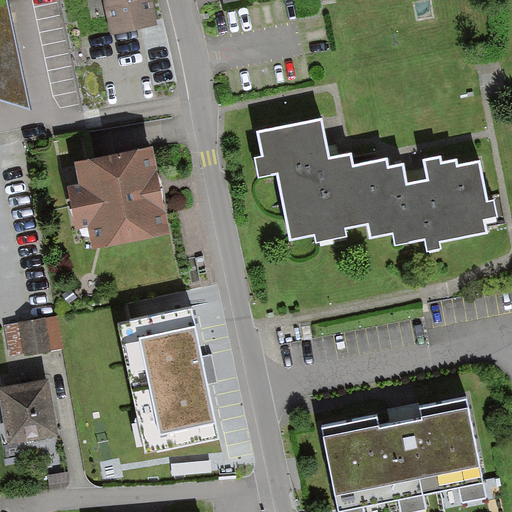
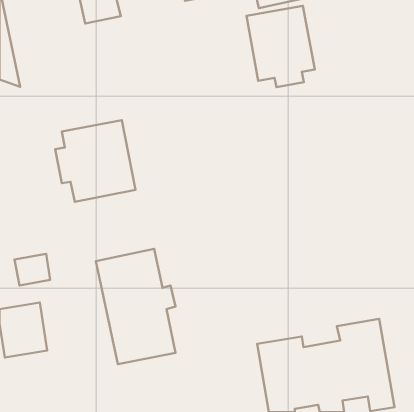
building: none -> [247,6,315,87]
building: [257,120,494,256] -> none

